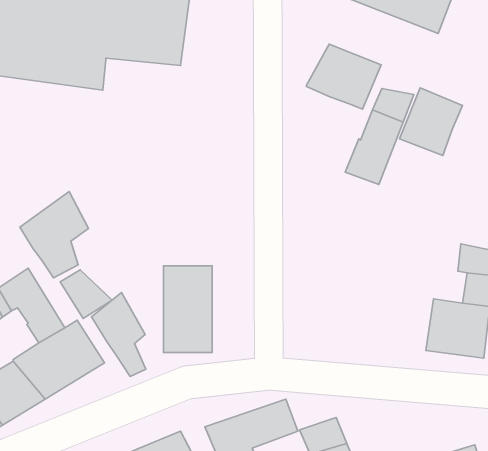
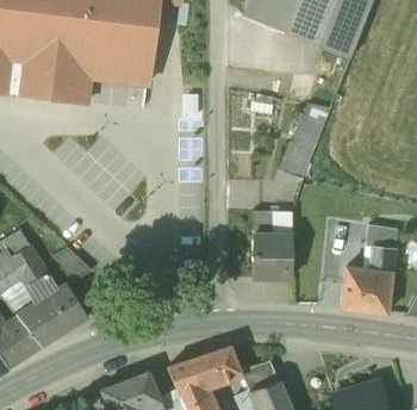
building: [306,44,381,109] -> none
building: [400,88,462,155] -> none
building: [20,192,88,278] -> none
building: [163,266,212,353] -> [254,211,292,279]
building: [91,293,146,376] -> none

